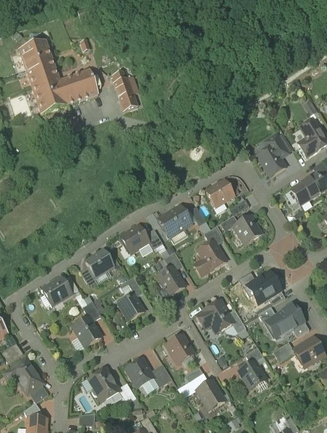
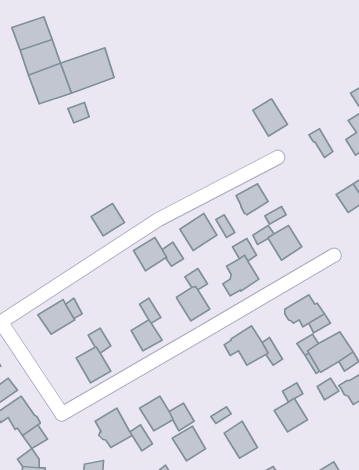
building: [111,71,137,110] -> none
building: [256,145,285,176] -> [253,99,287,136]
building: [85,250,113,277] -> [91,203,125,236]
building: [165,334,193,363] -> [172,426,205,461]

